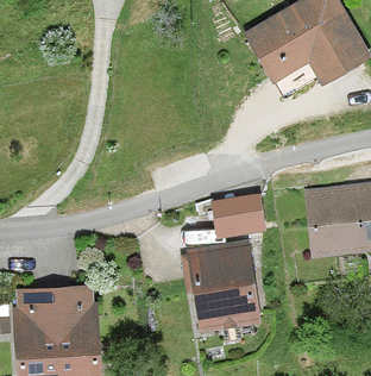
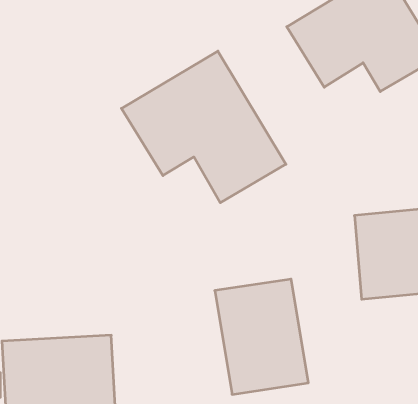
building: none -> [121,51,286,203]
building: [210,194,266,242] -> none

